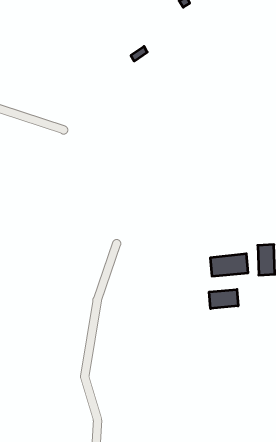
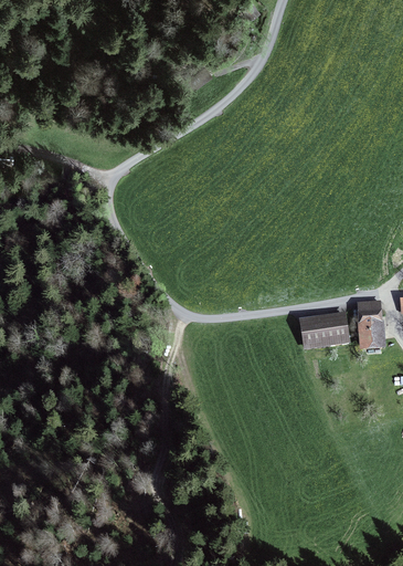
building: [209,289,238,309] -> none

